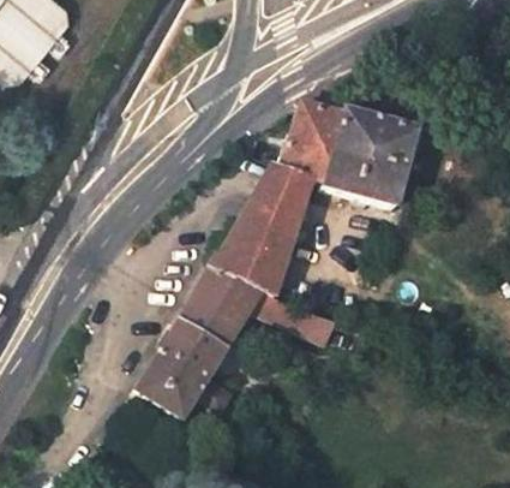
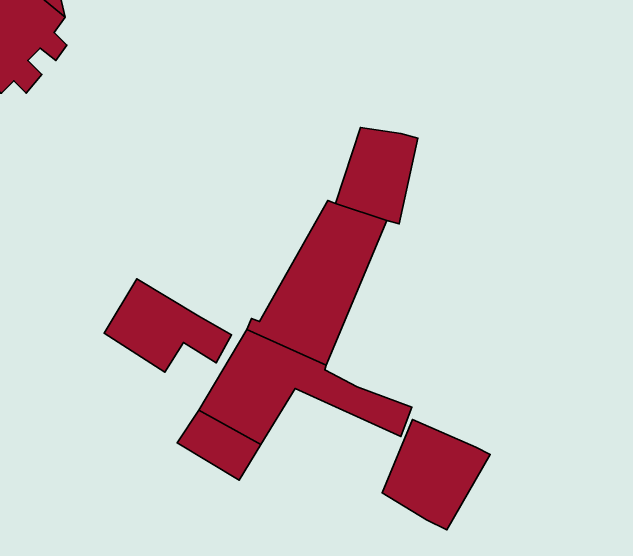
building: [326,109,416,209] -> none
building: none -> [382,419,490,530]
building: [131,350,229,422] -> [104,279,232,372]

